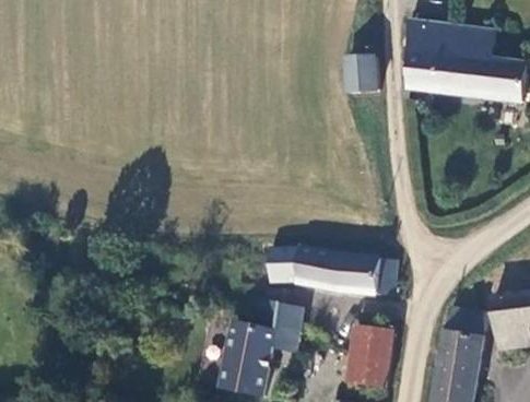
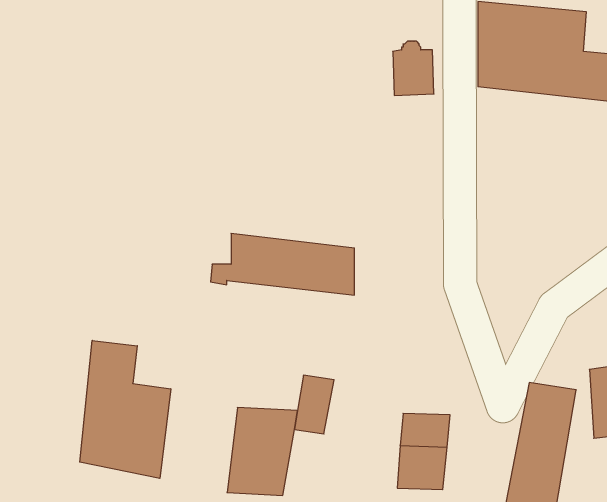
building: [283,248,390,294] -> [211,233,354,295]
building: none -> [80,340,171,478]

